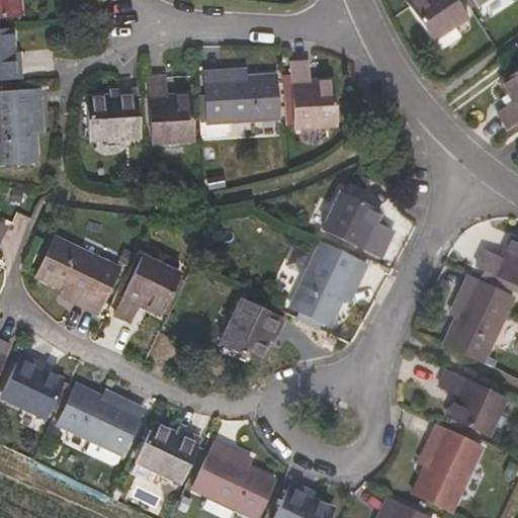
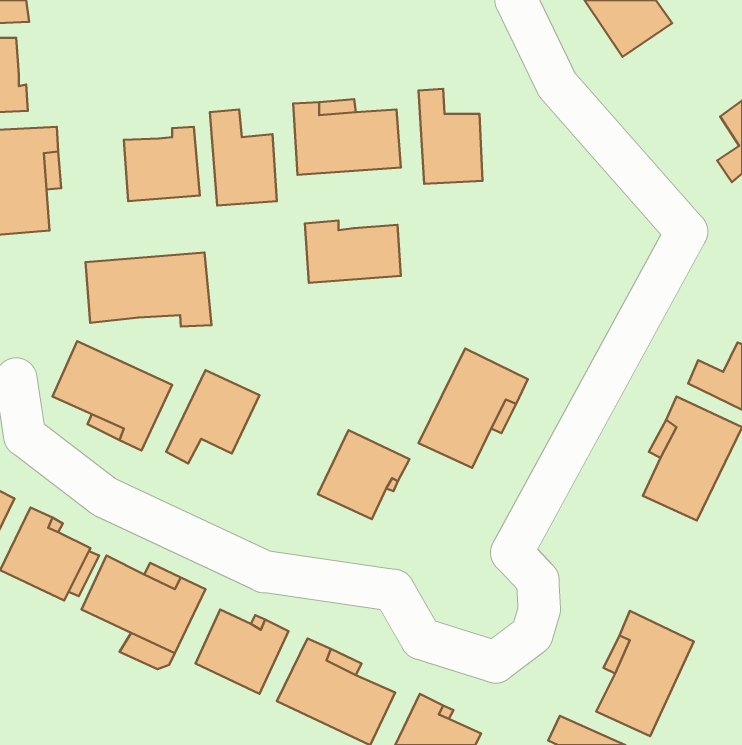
building: none -> [305,220,401,283]
building: none -> [85,252,211,326]
building: [323,191,387,256] -> none
building: [440,370,506,435] -> none

